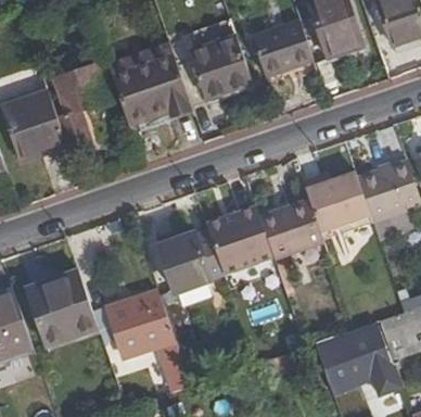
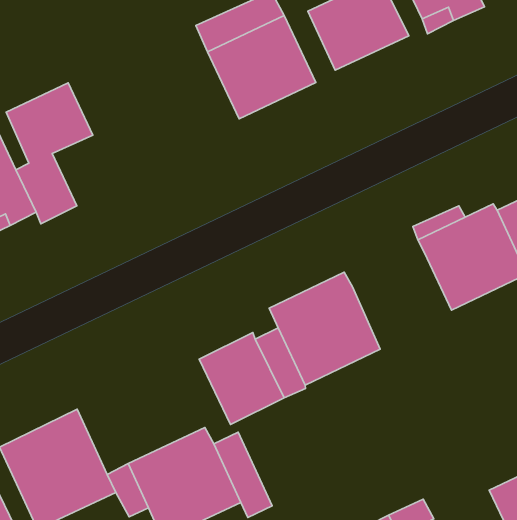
building: [107,42,191,134] -> none
building: [260,198,322,255] -> none

